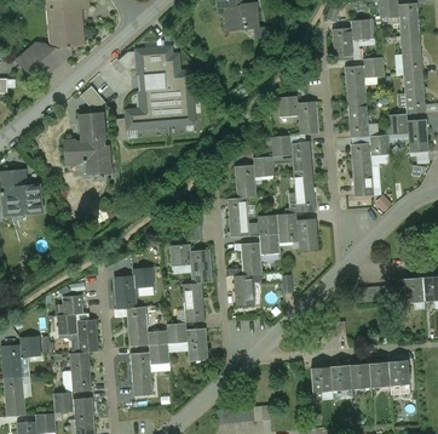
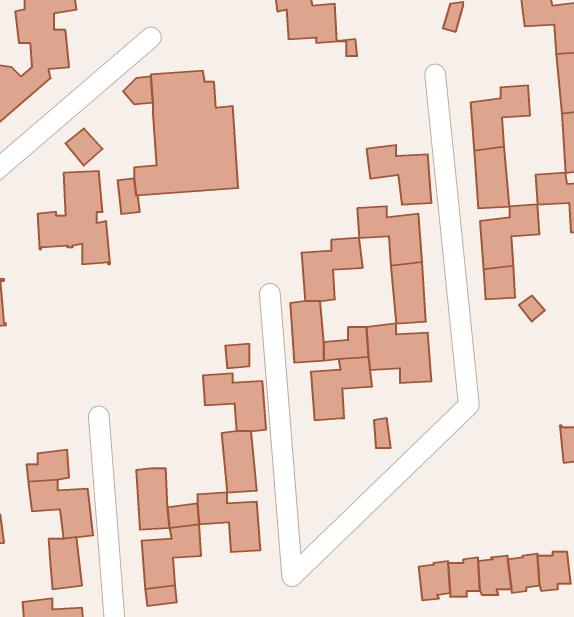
building: [330,19,370,61] -> none
building: [114,268,152,308] -> none
building: [232,274,259,305] -> none

